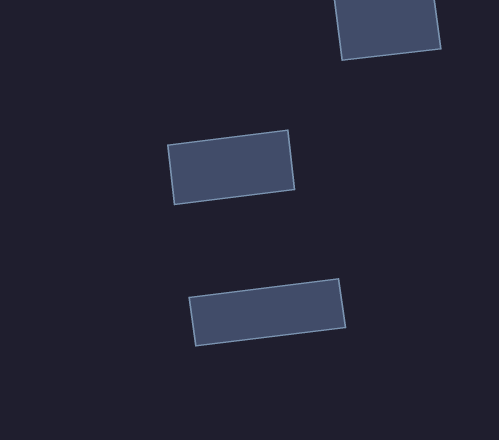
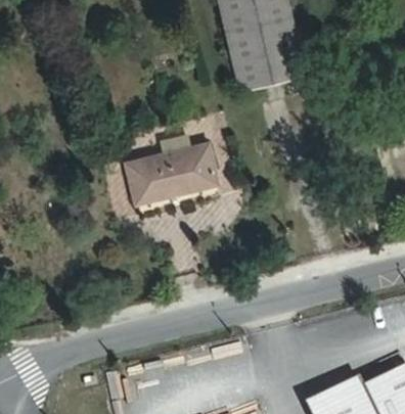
building: [189,279,345,346] -> none

